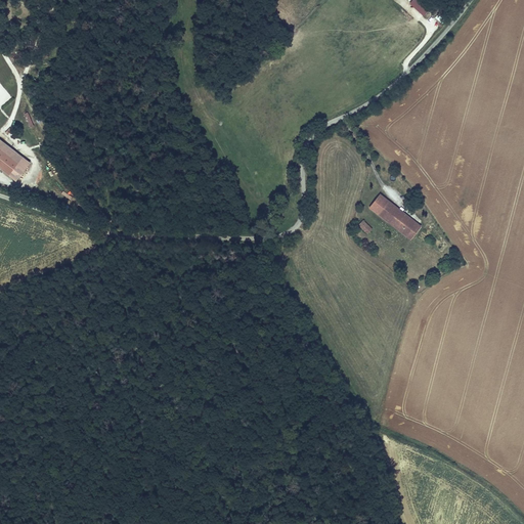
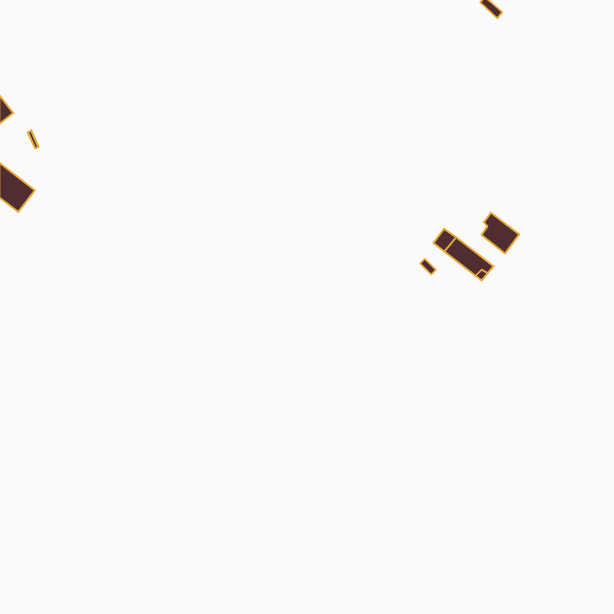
building: none -> [482,213,519,253]

